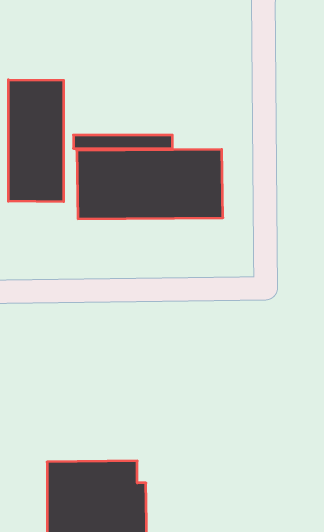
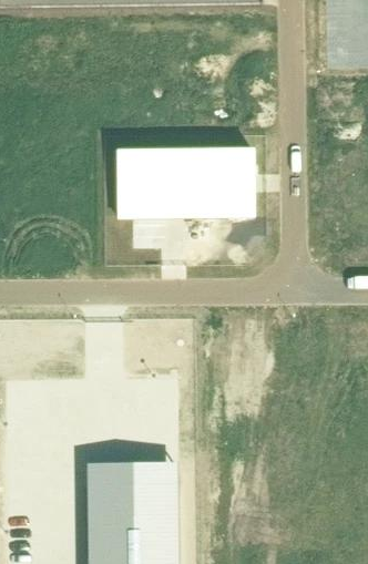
building: [8,80,64,202] -> none

